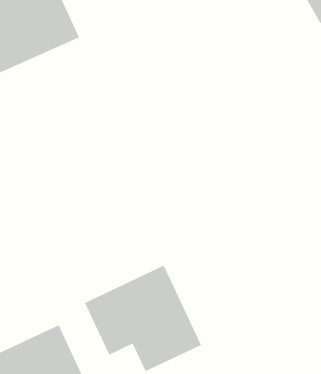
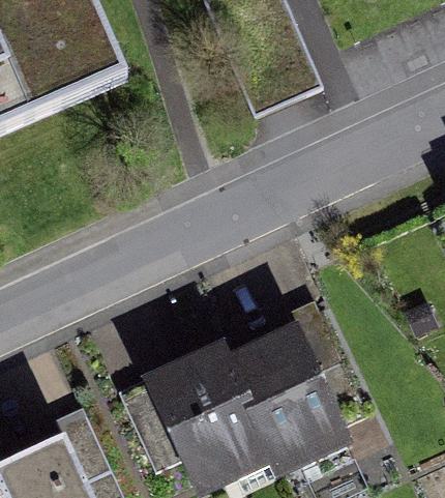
building: none -> [223,315,360,457]

